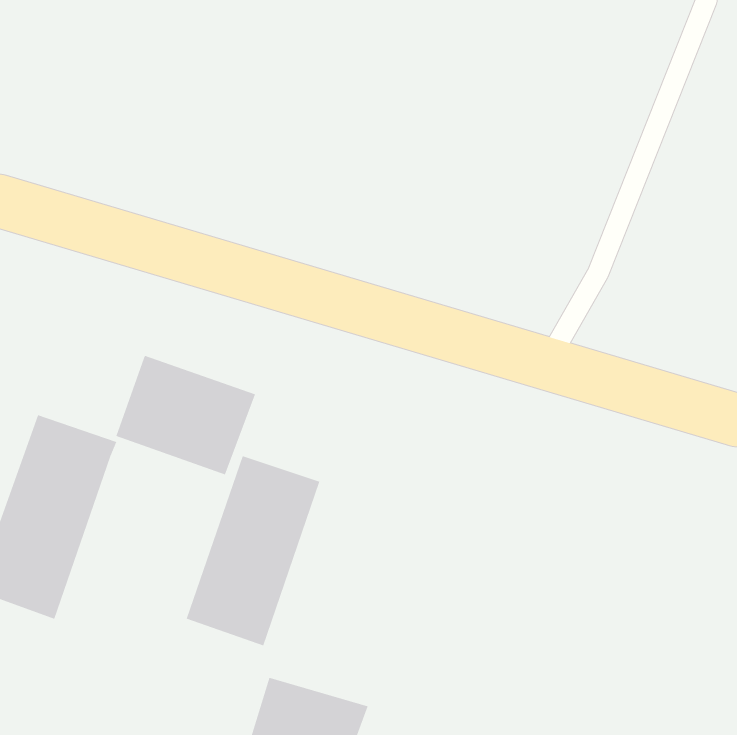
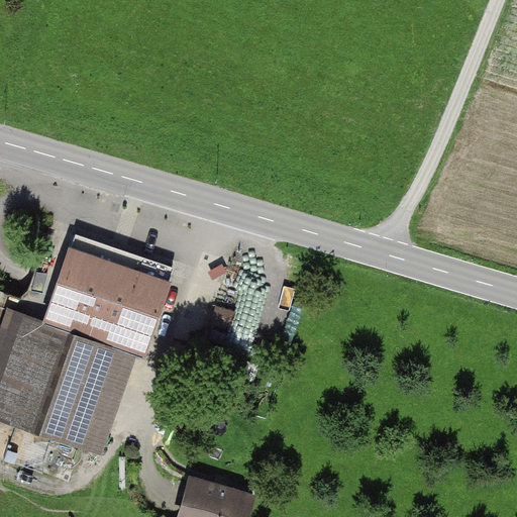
building: none -> [55,243,100,307]
building: [186,456,320,646] -> [38,321,132,454]

